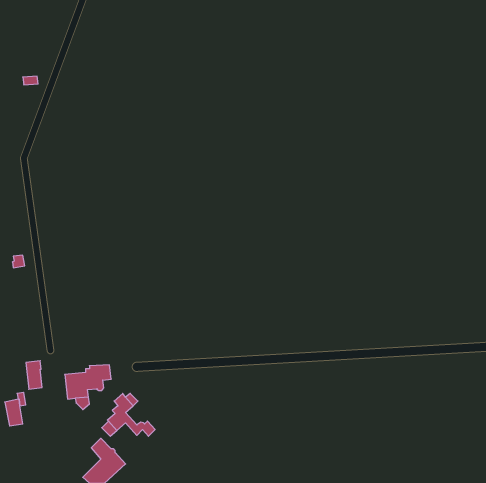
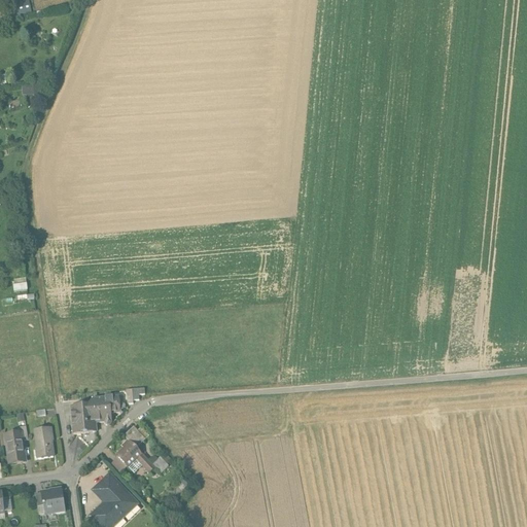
building: [26,361,42,389] -> [35,425,52,456]
building: none -> [41,487,65,511]

